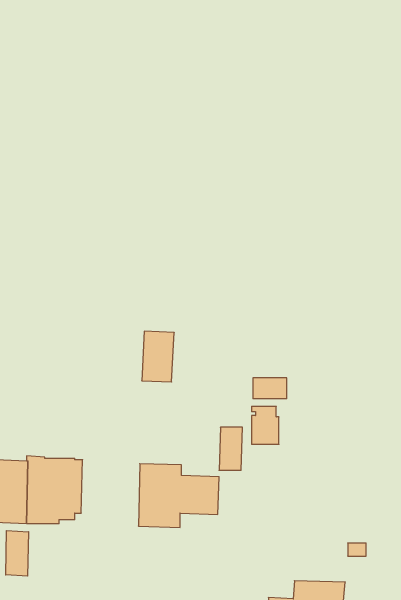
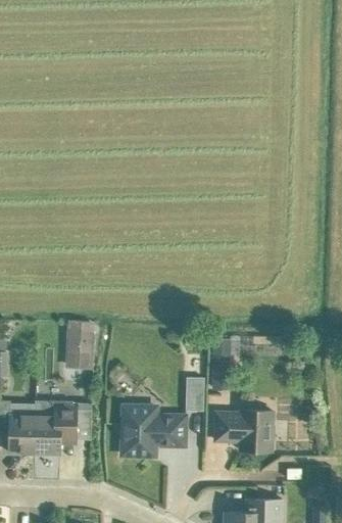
building: [142,331,174,382] -> [66,328,92,368]
building: none -> [215,410,273,451]
building: [6,531,29,576] -> none

